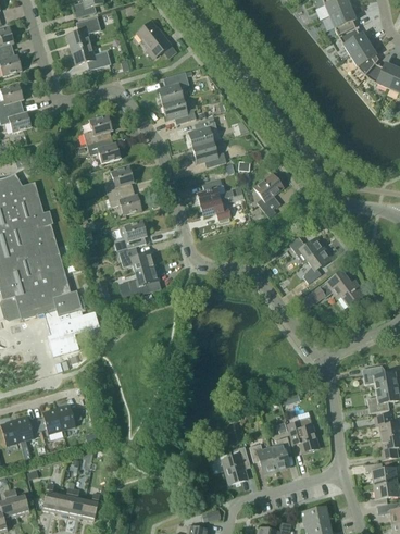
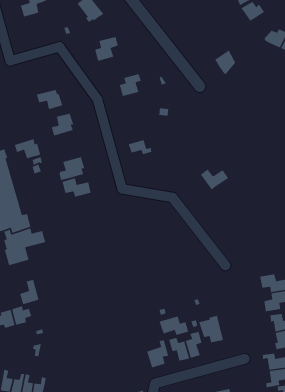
building: [350,42,377,74] -> [214,50,236,75]
building: [71,44,101,69] -> none
building: [161,98,196,123] -> none
building: [83,114,112,144] -> none
building: [191,141,226,166] -> none
building: [253,172,283,218] -> none
building: [196,178,233,204] -> none
building: [108,188,141,214] -> [14,138,41,159]
building: [302,247,332,283] -> none
building: [126,265,159,296] -> none
building: [302,270,364,307] -> none
building: none -> [19,279,40,305]
building: none -> [159,315,189,336]

